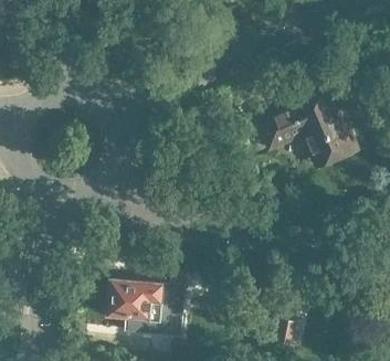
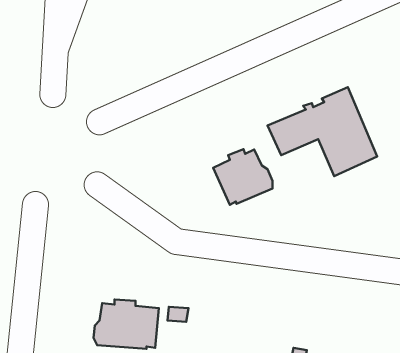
building: none -> [213,149,273,205]

